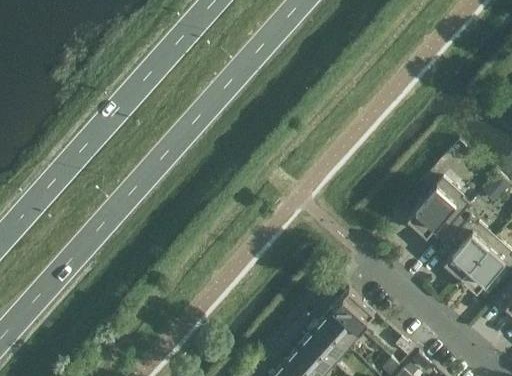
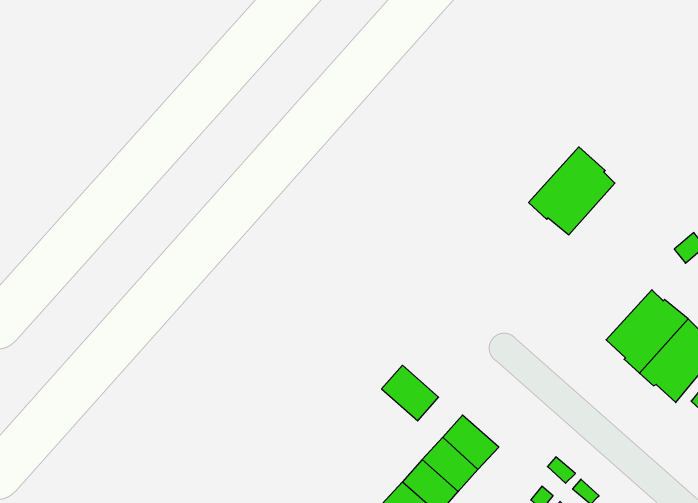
building: [408,180,470,243] -> [529,147,615,235]
building: [334,291,375,331] -> [382,365,439,421]

